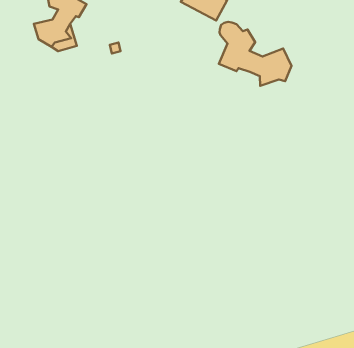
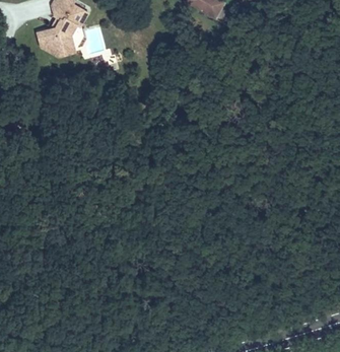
building: [219,22,291,86] -> none

